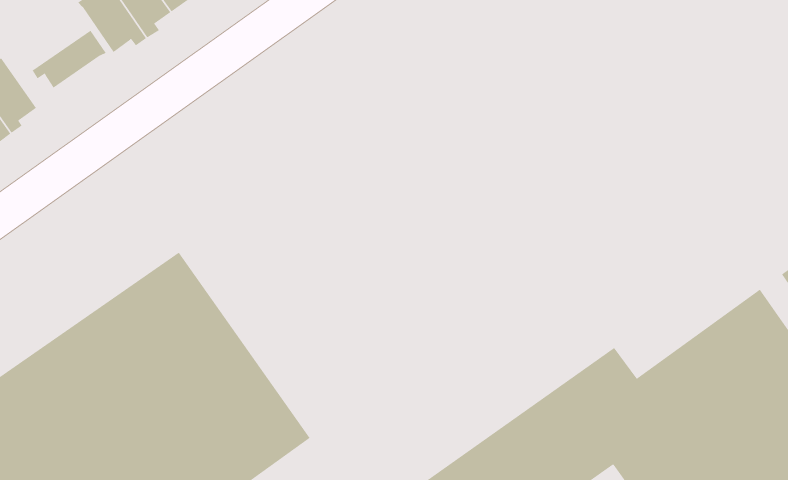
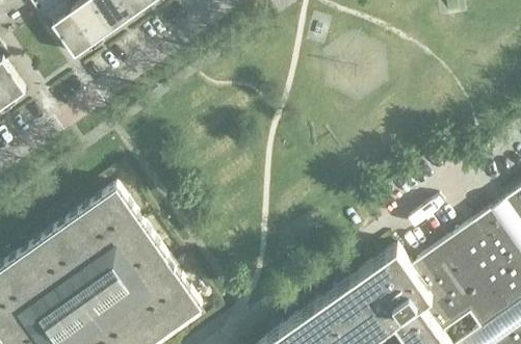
building: [32,30,106,89] -> none

